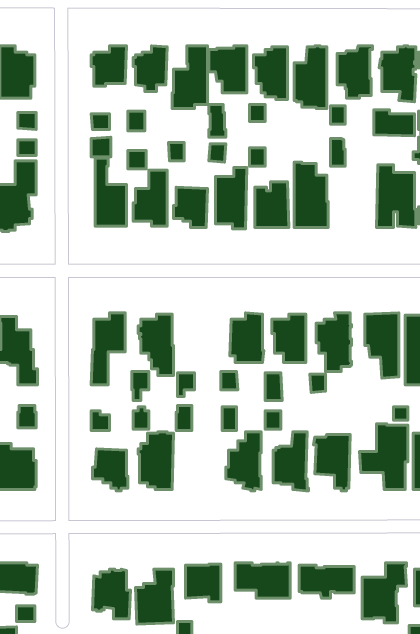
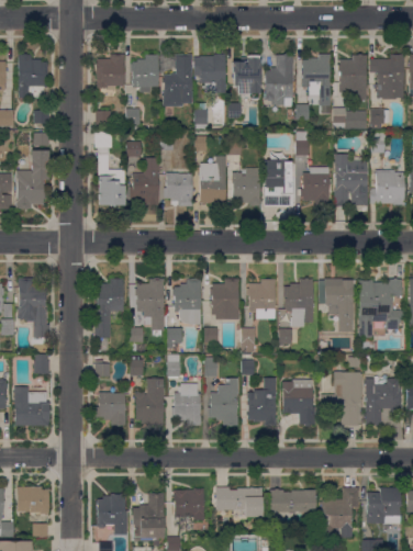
building: none -> [298,167,331,206]
building: none -> [172,278,202,325]
building: none -> [172,383,201,426]

